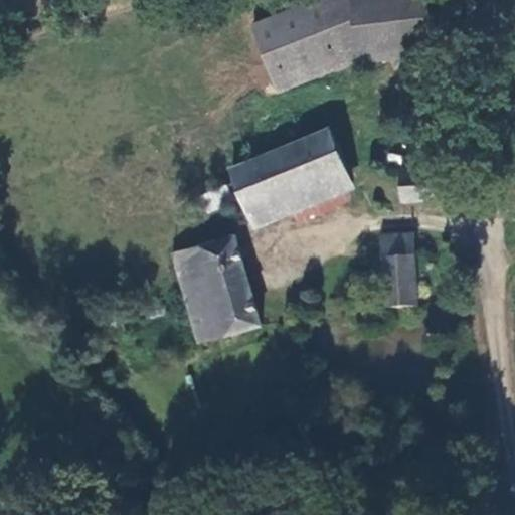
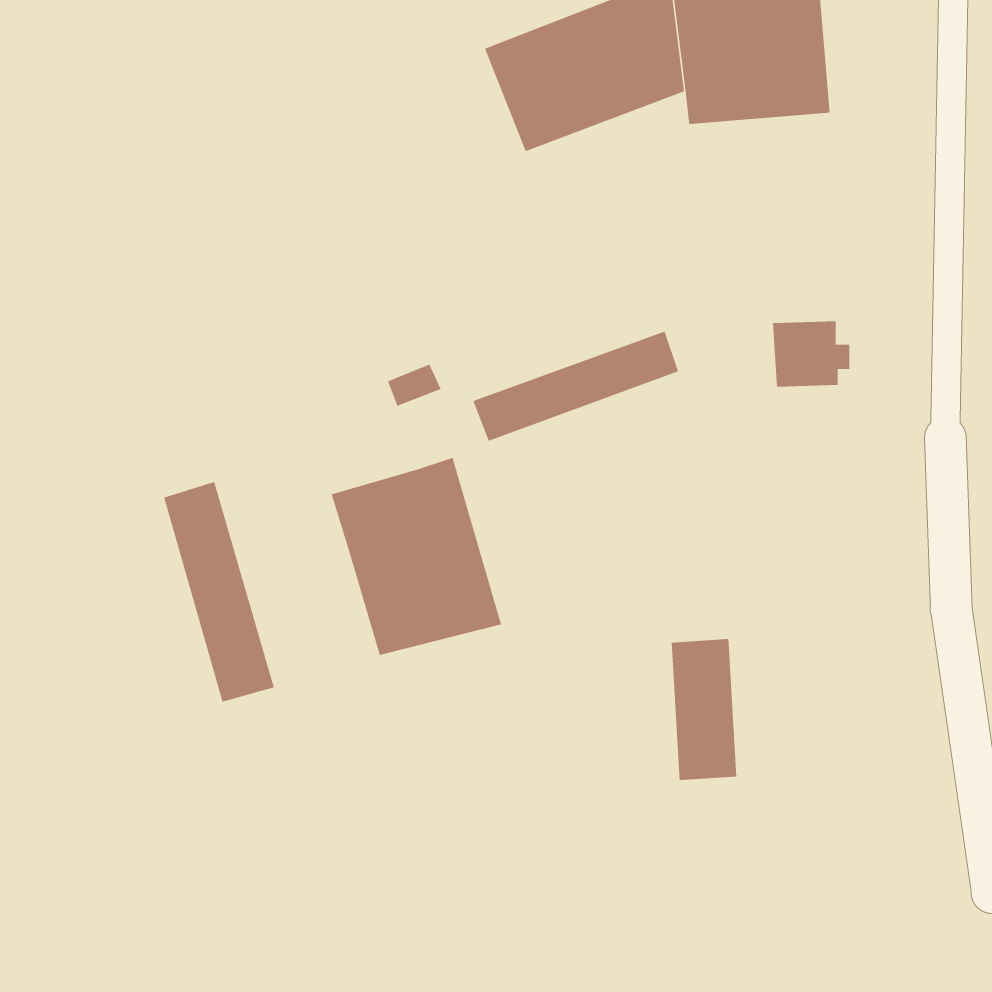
building: [228,129,344,207] -> none
building: [379,235,413,309] -> [671,639,737,781]
building: none -> [163,481,275,702]

